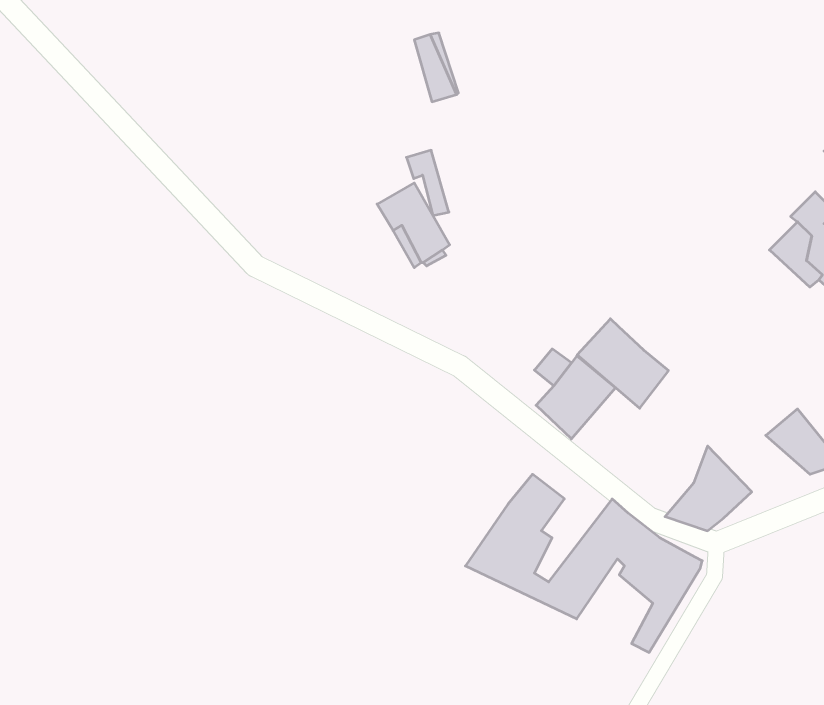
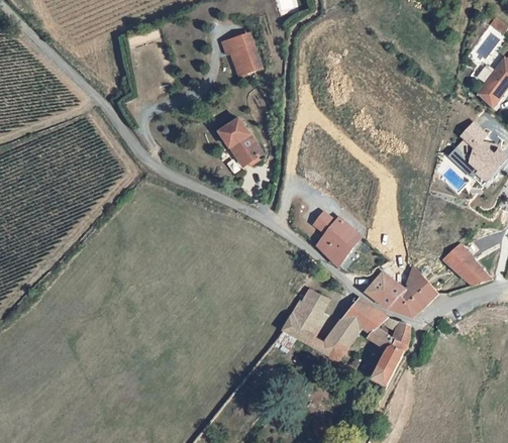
building: [406,150,449,216] -> [230,35,255,73]
building: [577,319,668,408] -> none
building: none -> [366,270,404,308]

